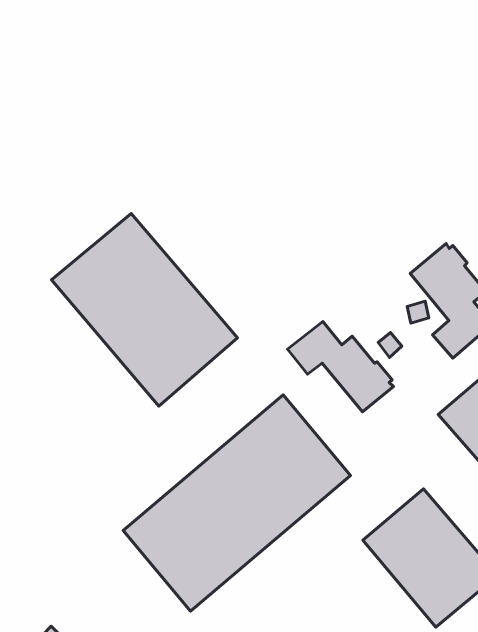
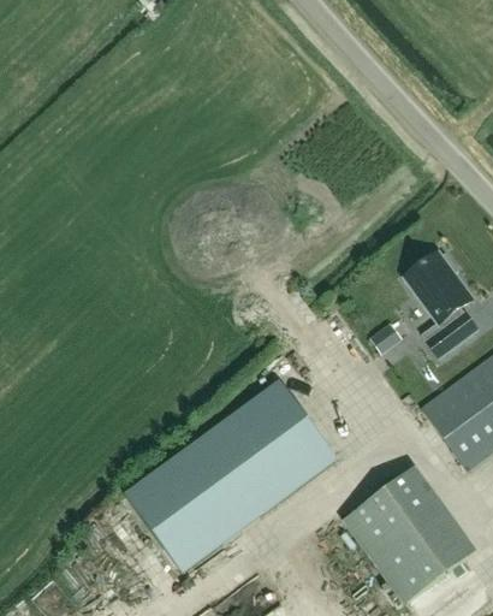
building: [51,213,238,406] -> none
building: [287,322,394,412] -> none

